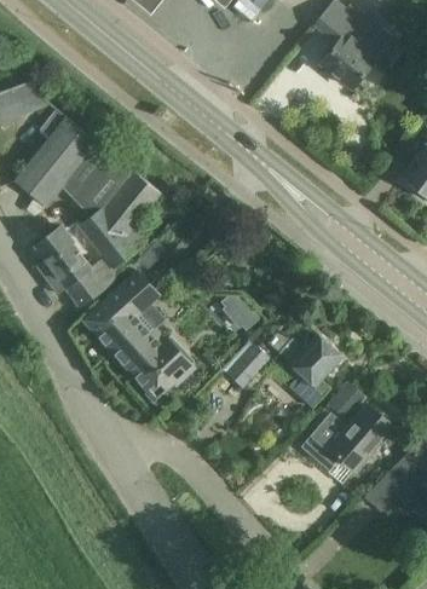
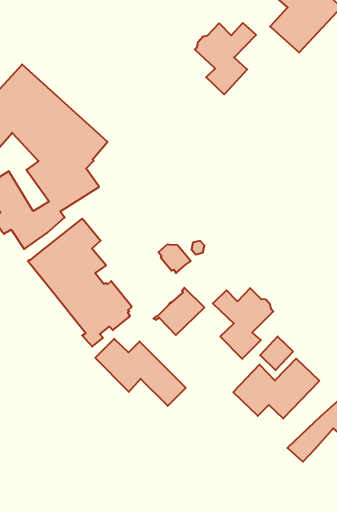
building: none -> [195,23,256,94]
building: none -> [95,339,186,406]

